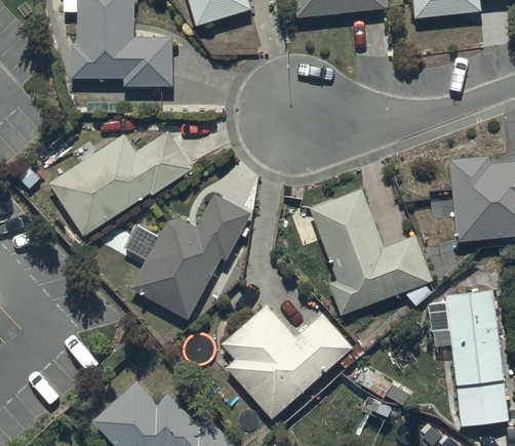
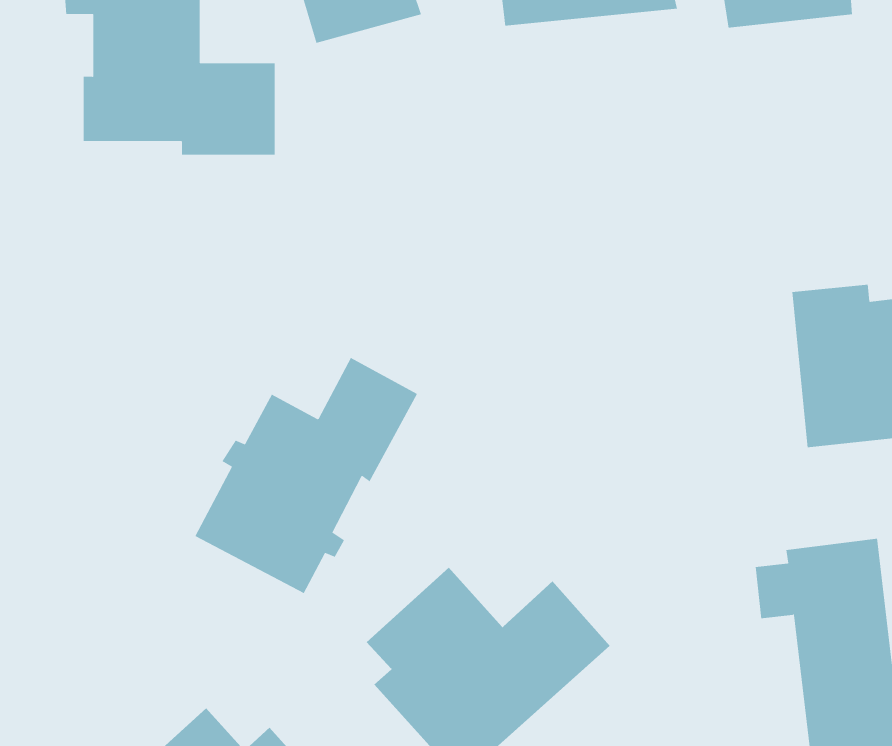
building: [49,132,192,237] -> none
building: [311,190,432,315] -> none

